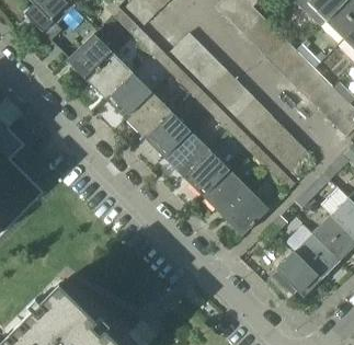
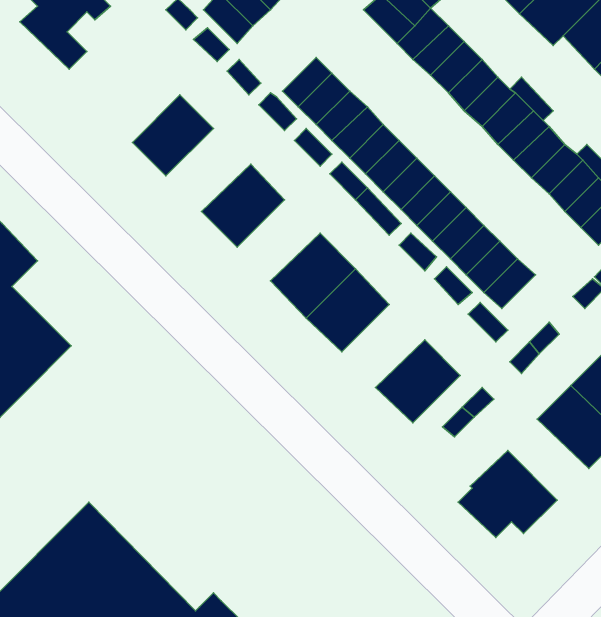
building: [67,26,113,80] -> none
building: [105,72,152,118] -> none
building: [145,112,191,157] -> none
building: [203,170,249,216] -> none
building: [295,233,340,278] -> none

